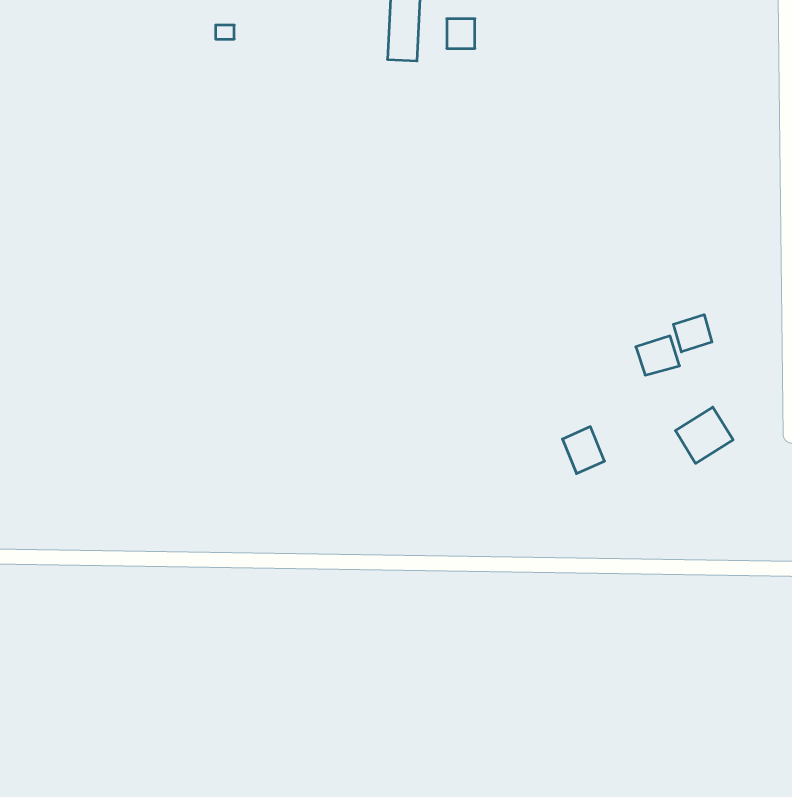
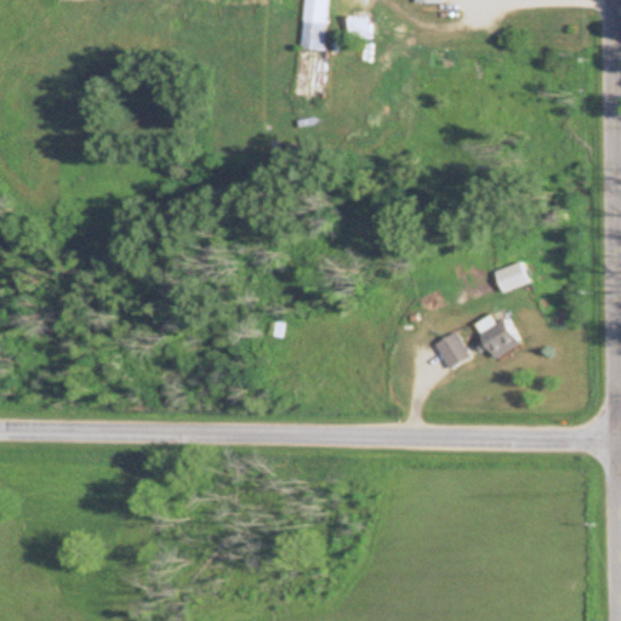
building: [673,315,712,352] -> none
building: [675,407,733,463] -> [475,317,520,360]

